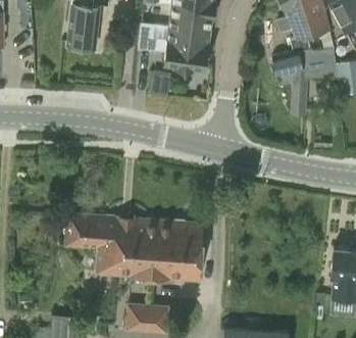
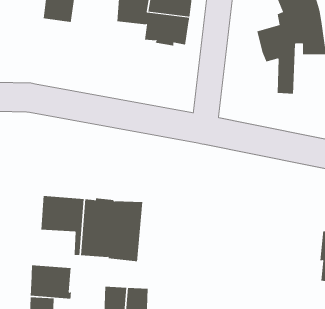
building: [158,221,203,280] -> none
building: none -> [30,265,71,299]

